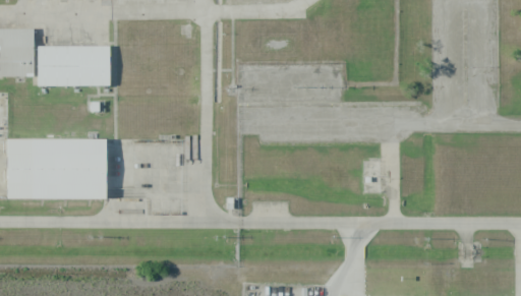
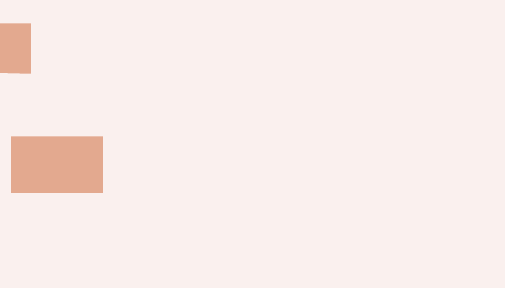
building: [39,44,111,82] -> none

